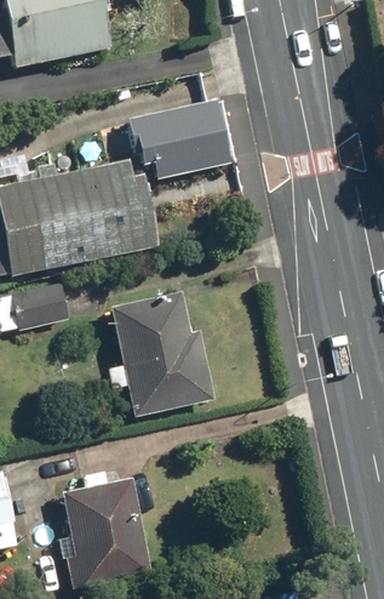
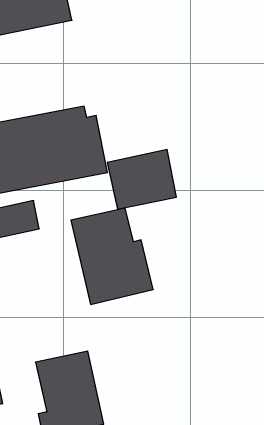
building: [132,101,222,178] -> [107,149,176,209]

